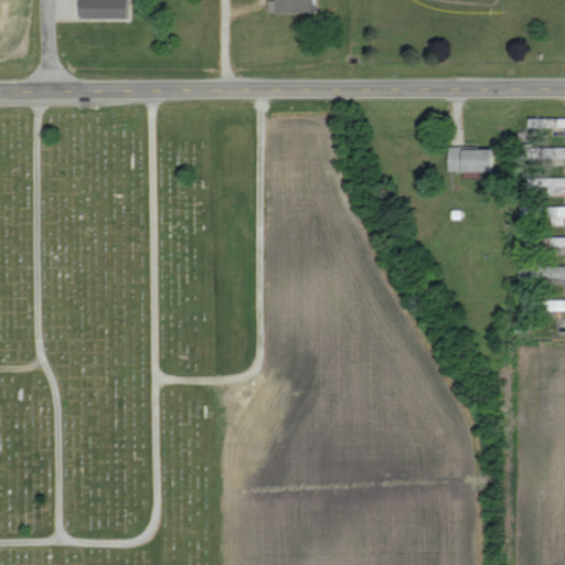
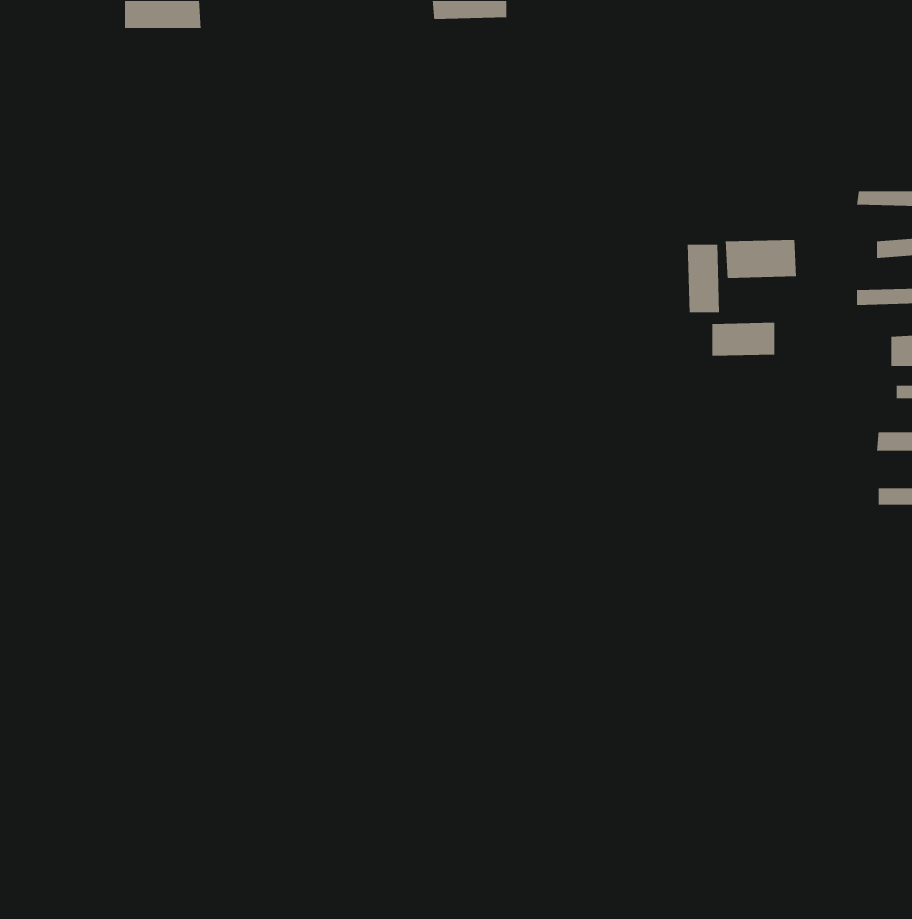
building: none -> [687,244,720,313]
building: none -> [712,322,775,357]

